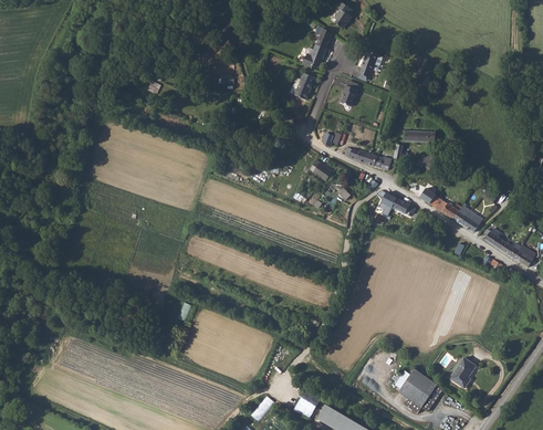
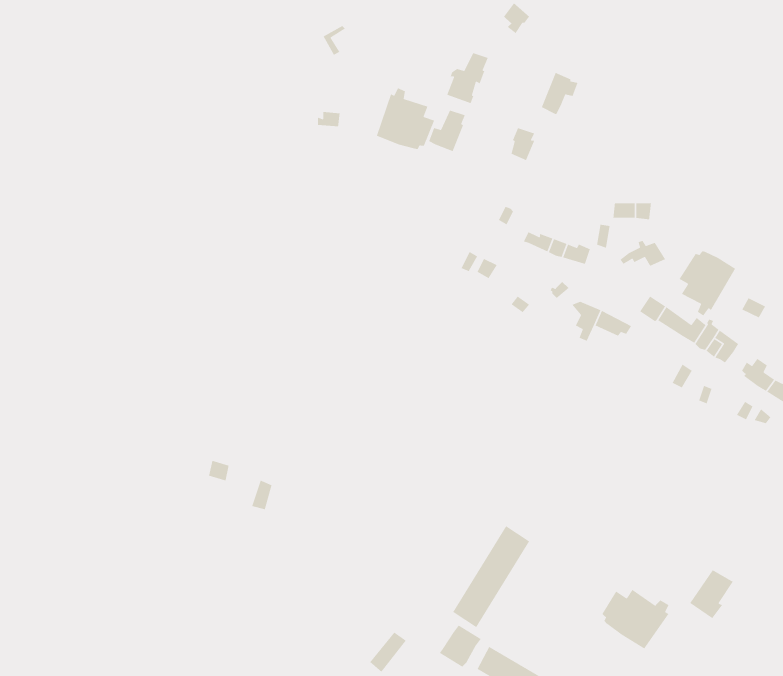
building: none -> [376,87,435,150]
building: none -> [679,250,736,317]
building: none -> [452,525,530,628]

